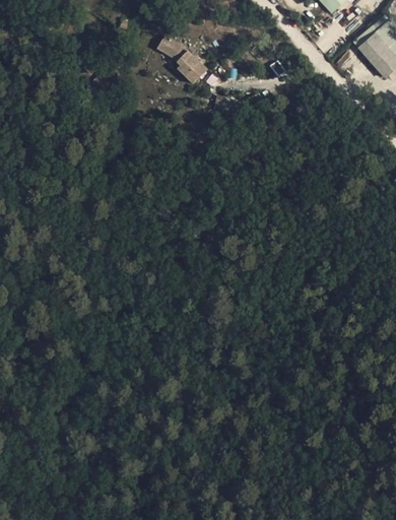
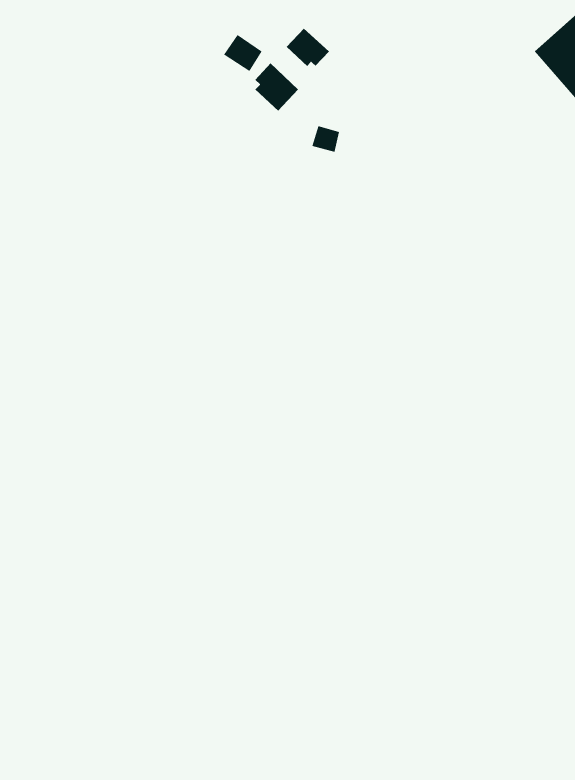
building: none -> [286,28,330,67]

